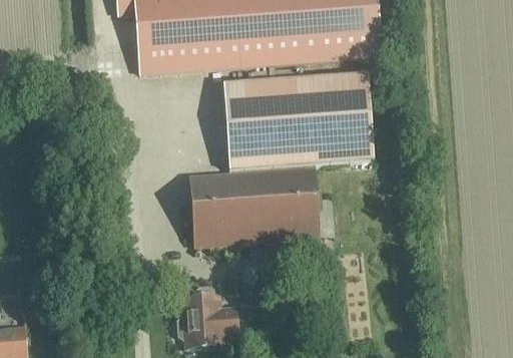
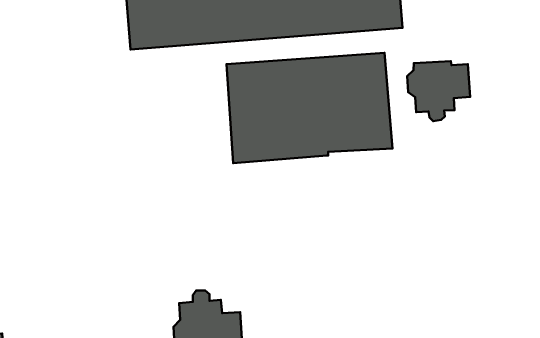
building: none -> [407,61,470,121]
building: [188,166,319,247] -> none

